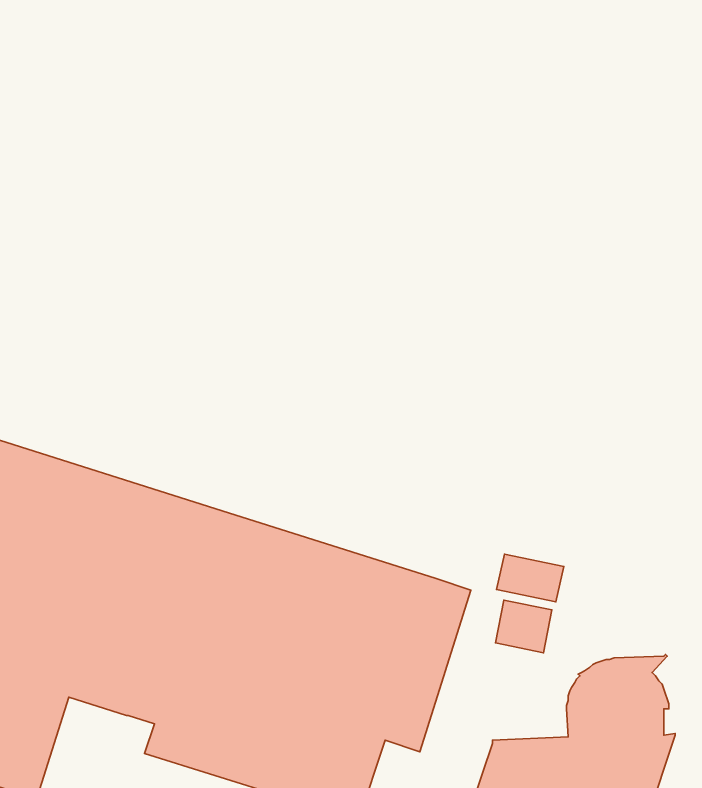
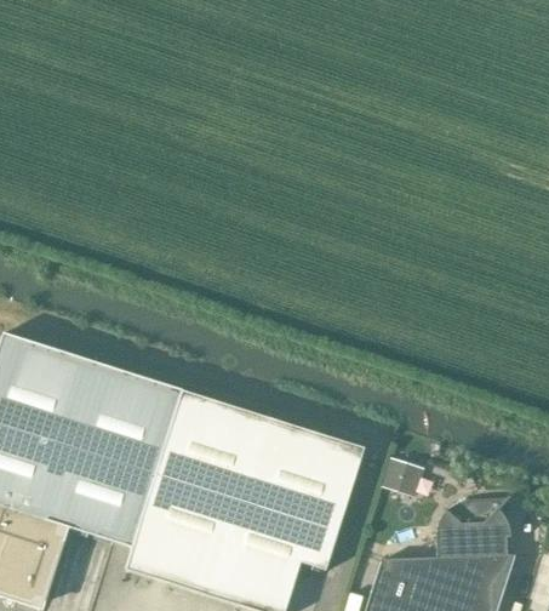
building: [496,554,564,602] -> none

